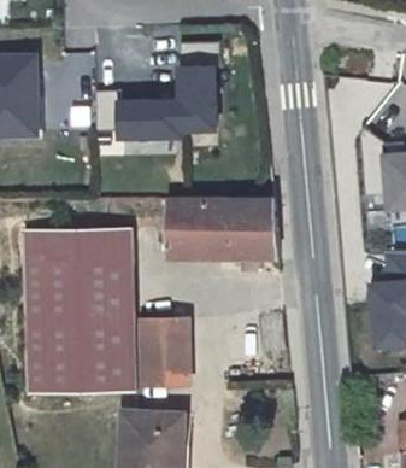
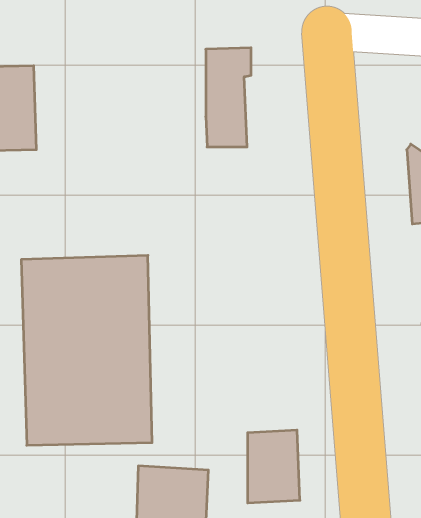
building: [98,90,184,138] -> none
building: [167,197,280,256] -> none
building: [145,318,190,382] -> [248,430,300,503]

